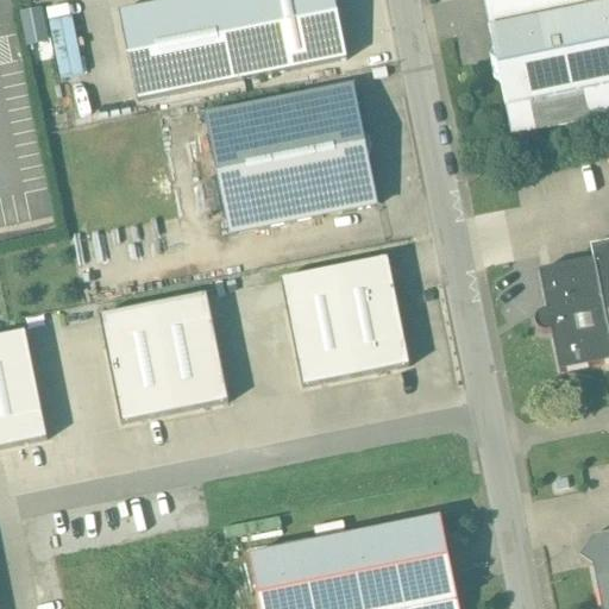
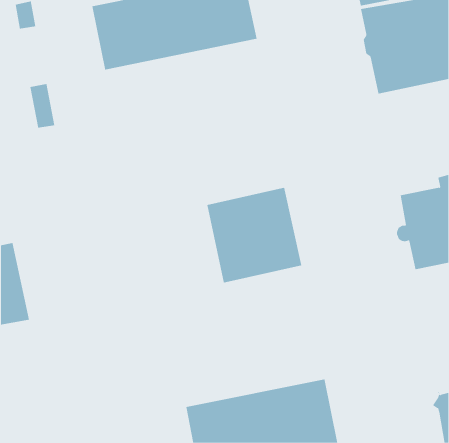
building: [50,11,84,71] -> [30,83,55,128]
building: [200,81,383,231] -> none
building: [100,293,226,419] -> none

